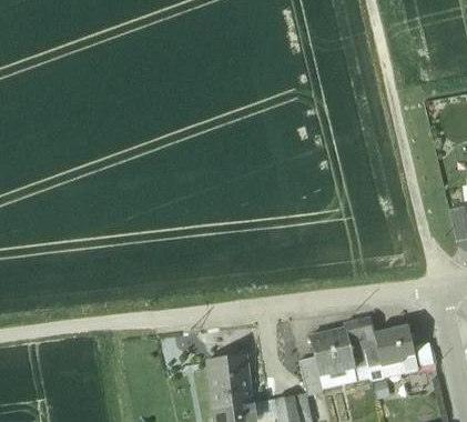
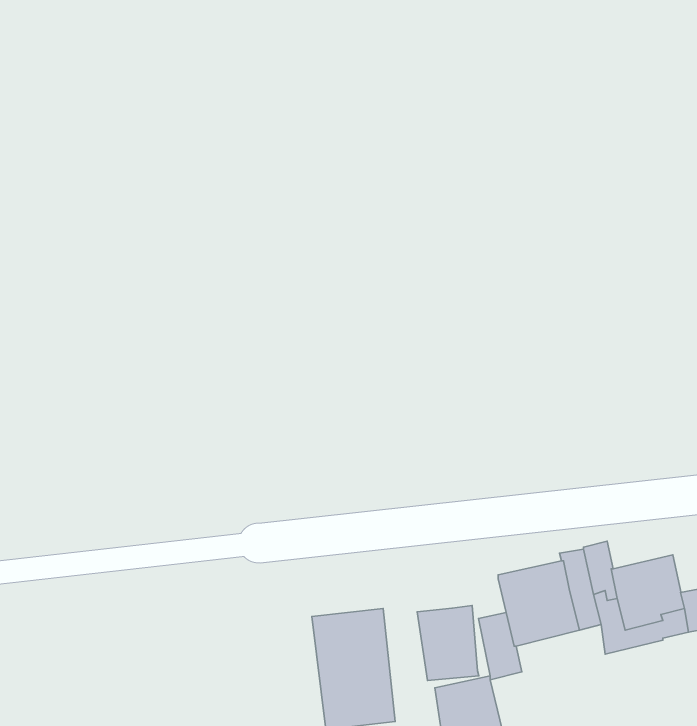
building: none -> [417,606,479,681]

